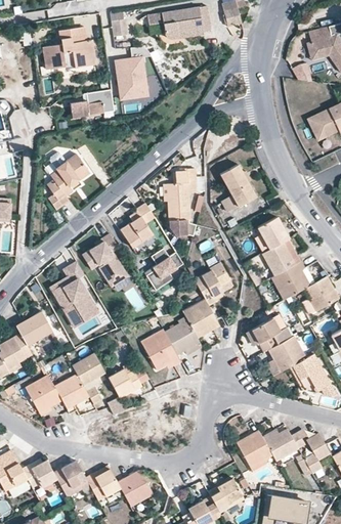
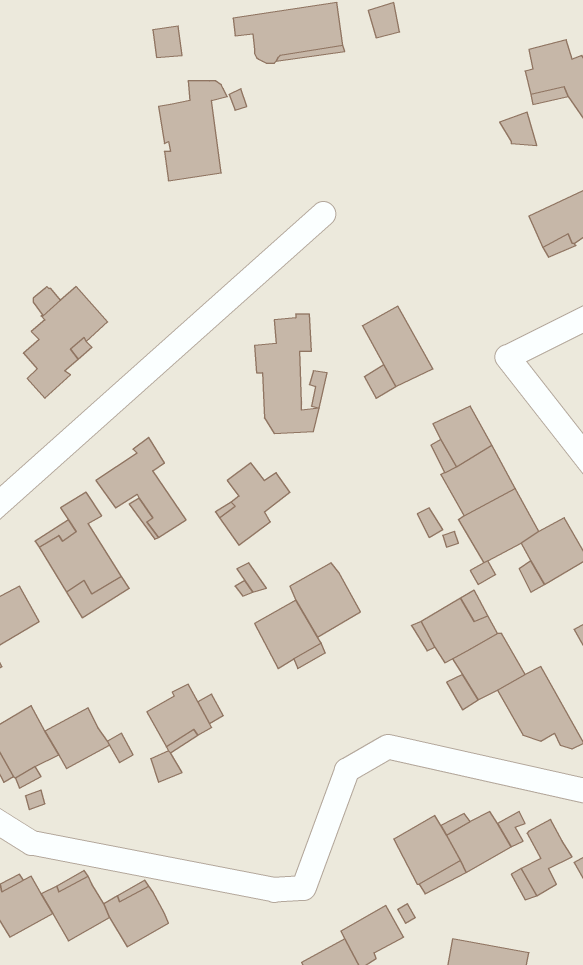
building: [44,27,95,68] -> none
building: [71,90,113,117] -> none
building: [120,203,153,248] -> none
building: [195,262,230,304] -> none
building: [141,329,181,368] -> none
building: [73,352,105,385] -> none
building: [118,470,153,505] -> none

